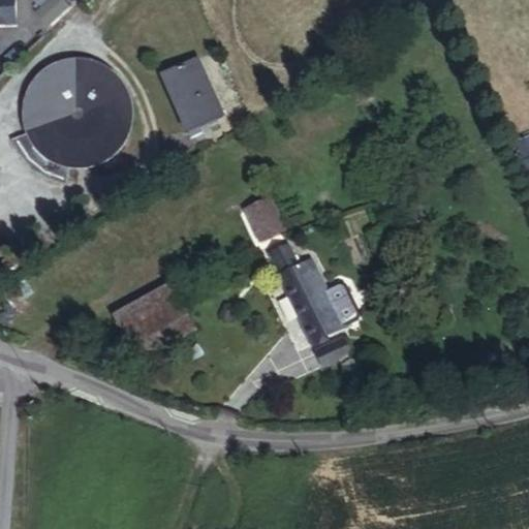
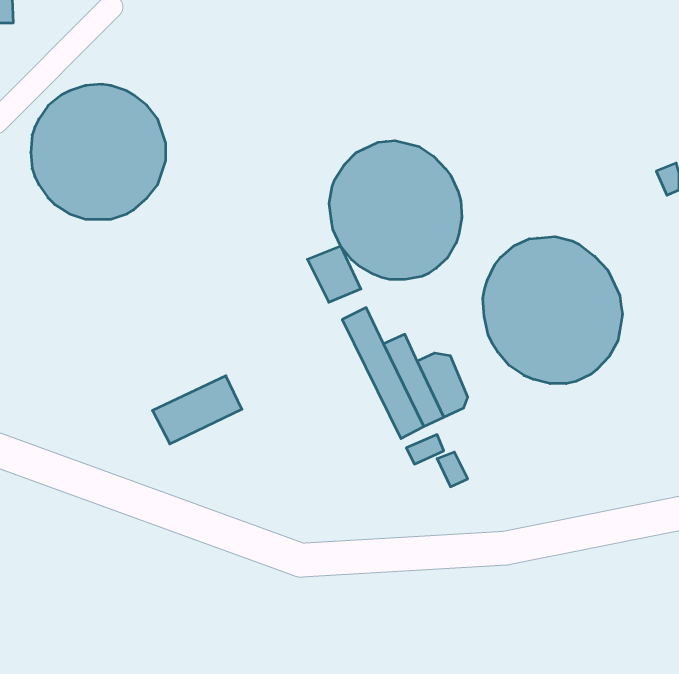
building: [160,54,219,124] -> none
building: none -> [329,141,462,279]
building: none -> [483,237,622,384]

